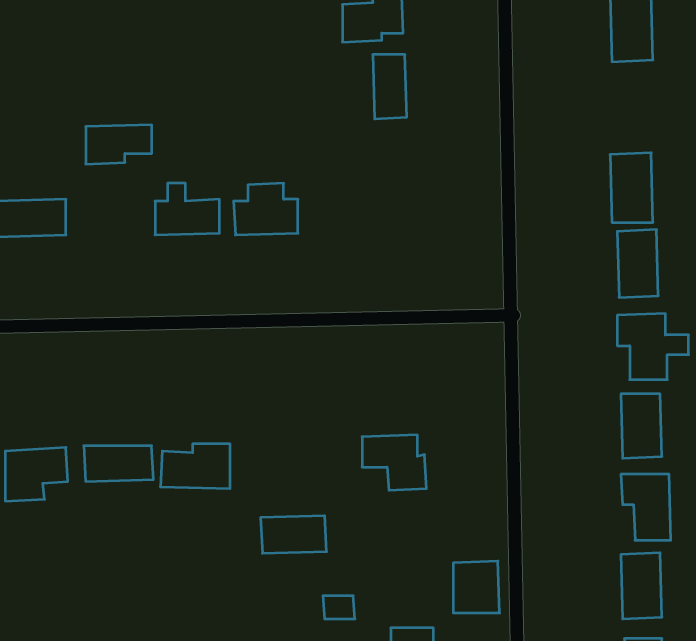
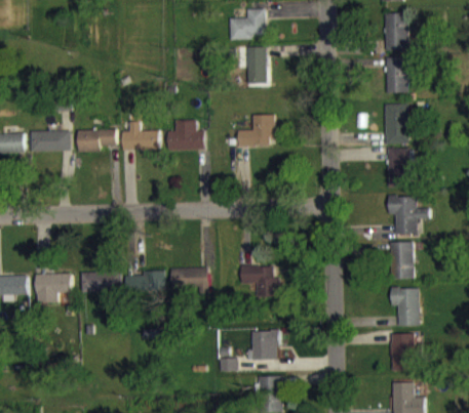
building: none -> [386,57,407,93]
building: [86,125,152,164] -> [78,129,116,152]
building: none -> [238,115,274,147]
building: [261,516,327,553] -> [171,267,209,289]
building: [453,561,500,613] -> [251,330,278,360]

